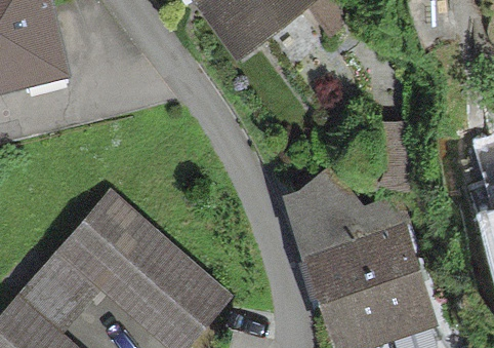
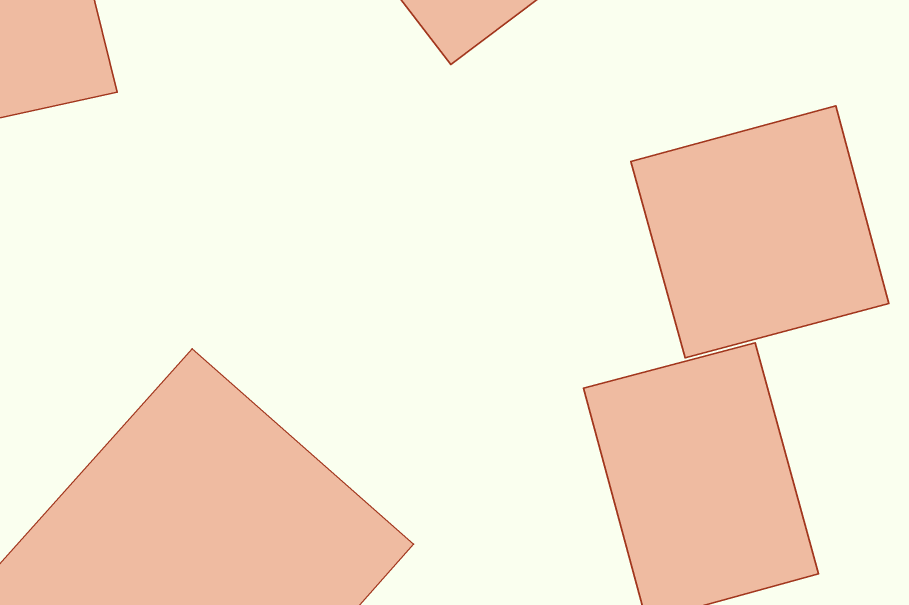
building: none -> [631,106,889,358]

